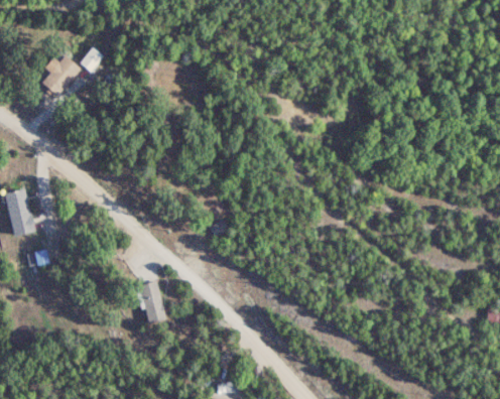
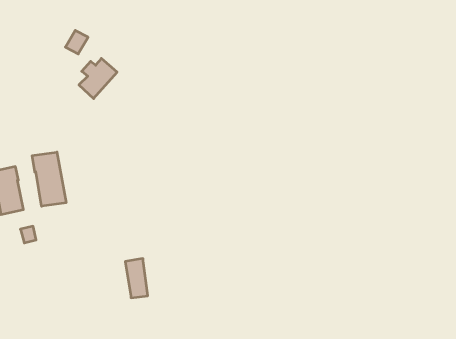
building: [41,54,81,96] -> [79,58,117,99]
building: none -> [32,152,66,206]

